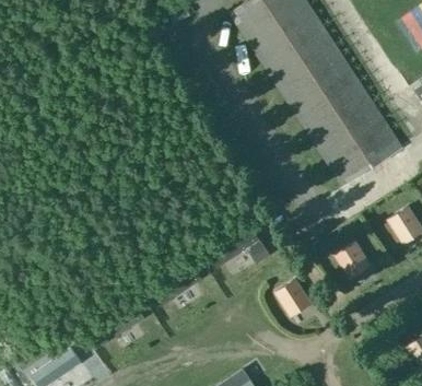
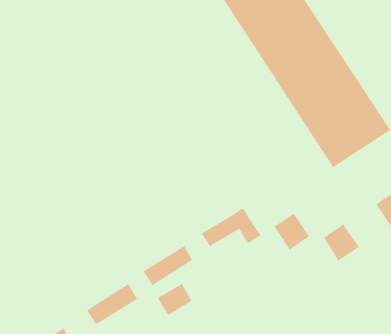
building: [276,279,313,317] -> [273,213,310,250]
building: none -> [157,283,192,316]

